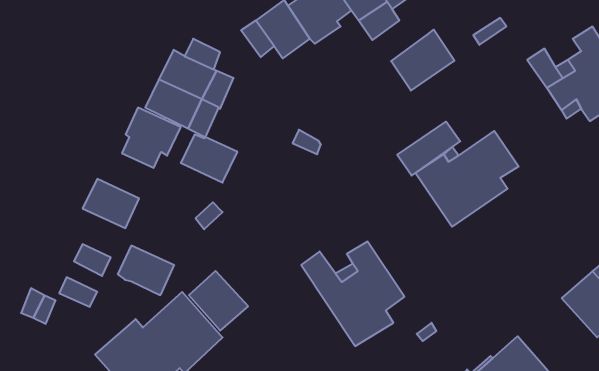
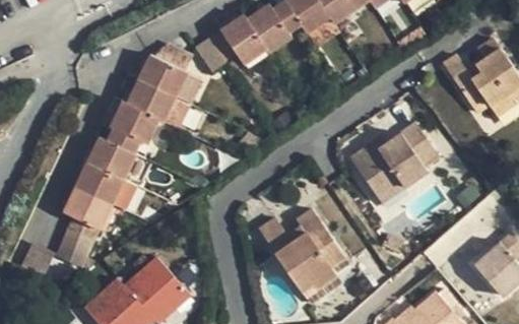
building: [391,30,454,91] -> none
building: [397,122,460,176] -> none
building: [181,135,237,183] -> [88,139,135,179]
building: [118,246,174,295] -> [65,187,112,228]
building: [189,271,248,331] -> none

